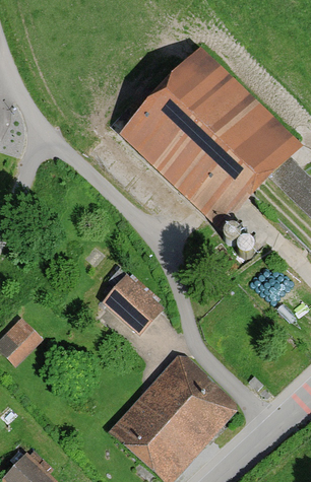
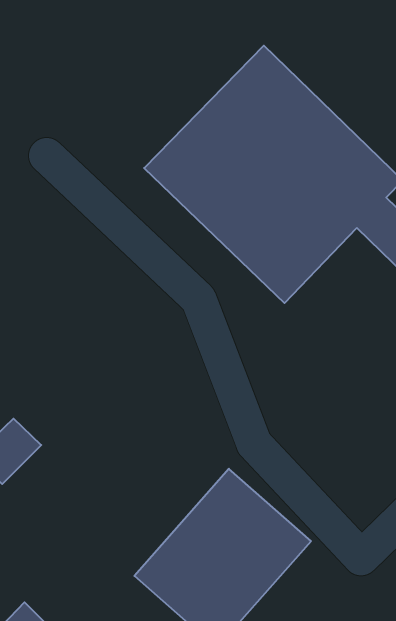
building: [104,273,164,332] -> none

